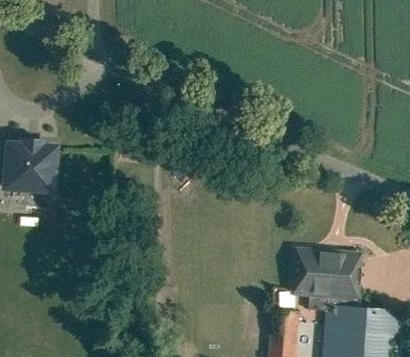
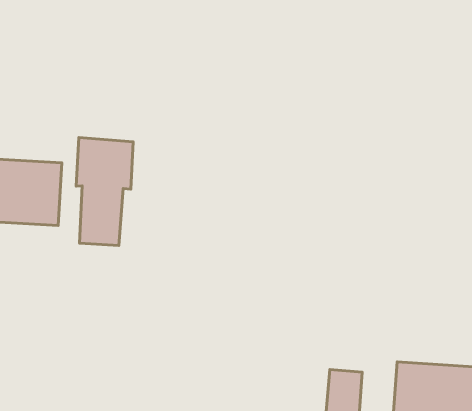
building: none -> [76,138,133,246]
building: [291,247,363,301] -> none

